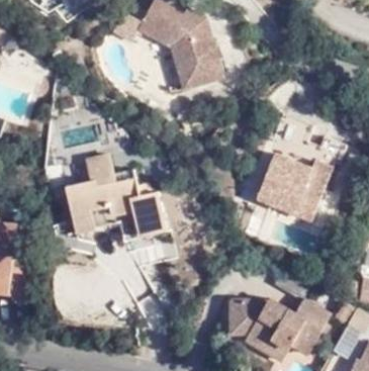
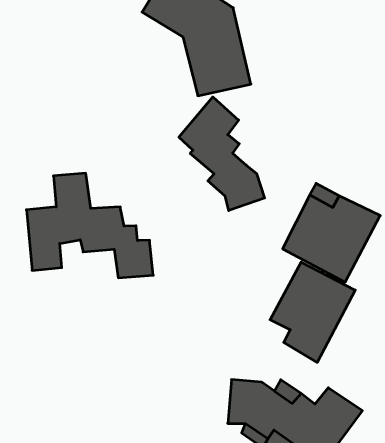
building: none -> [179,97,265,211]
building: none -> [270,262,355,362]

